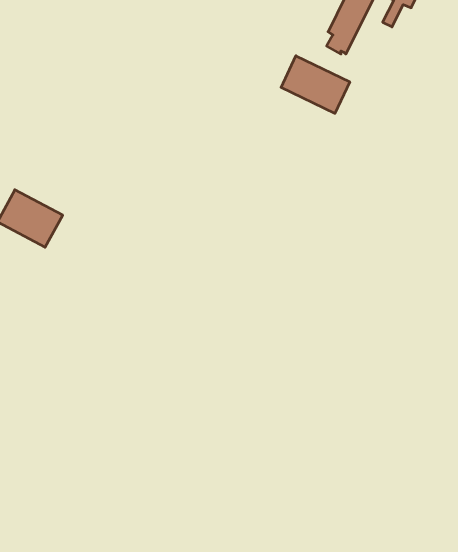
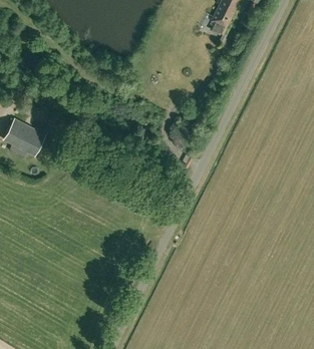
building: [281,56,350,113] -> none

